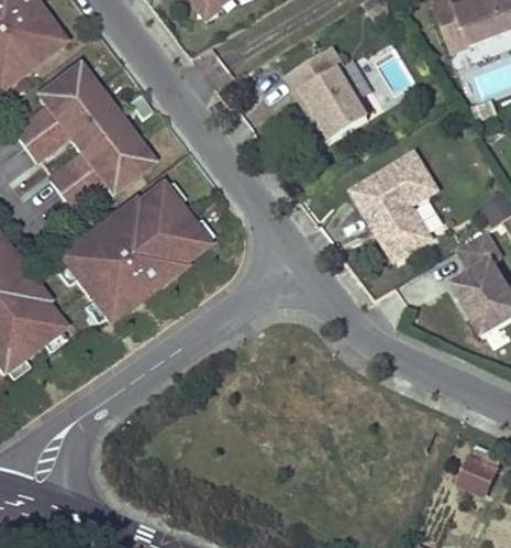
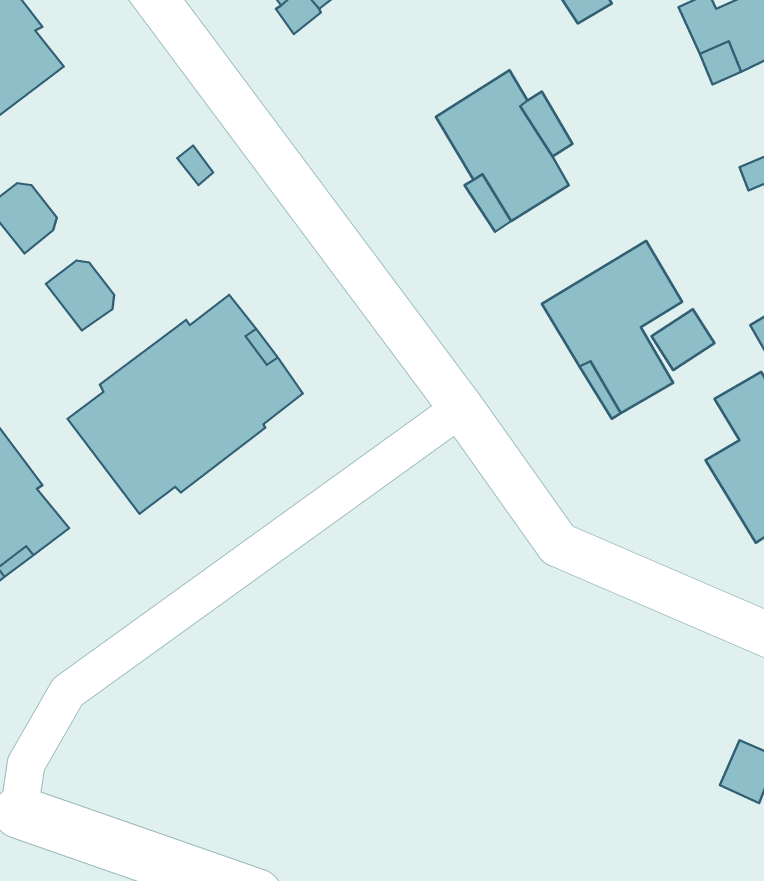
building: [38,63,152,190] -> none

